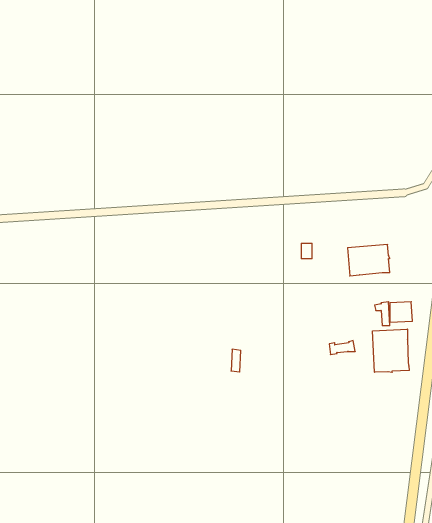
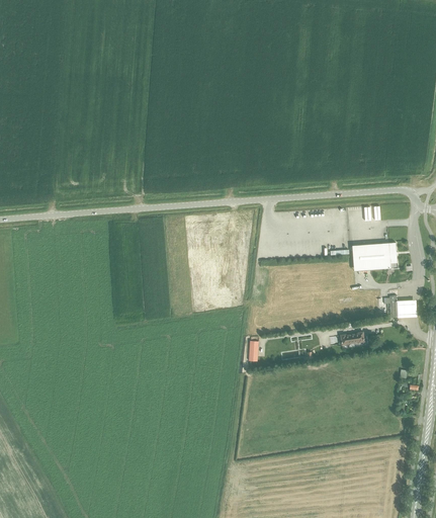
building: [373,329,409,372] -> none

